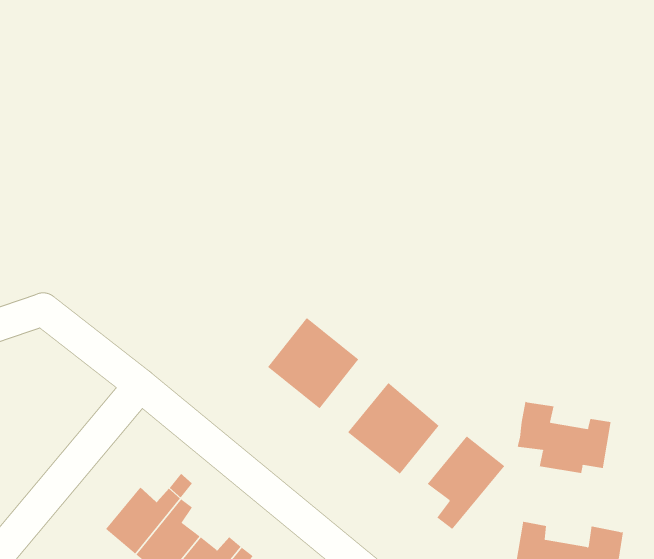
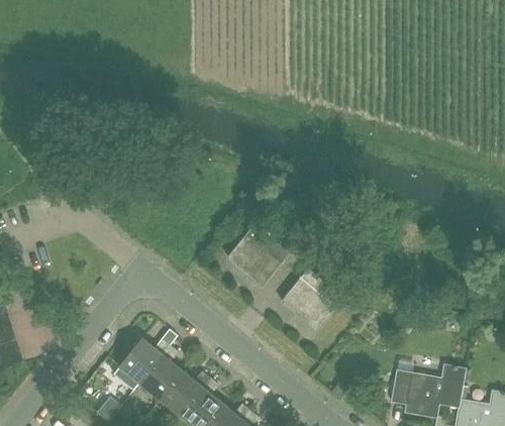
building: [517,401,611,474] -> none
building: [427,435,505,530] -> none

